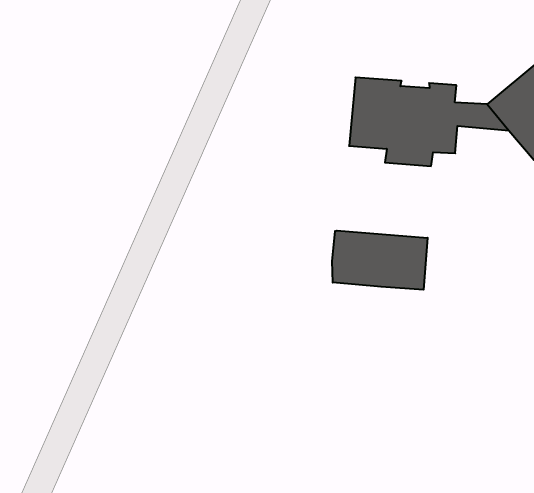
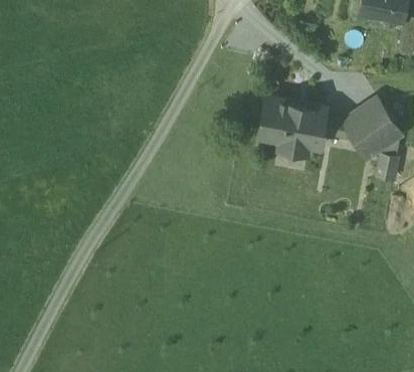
building: [332,231,428,290] -> none

